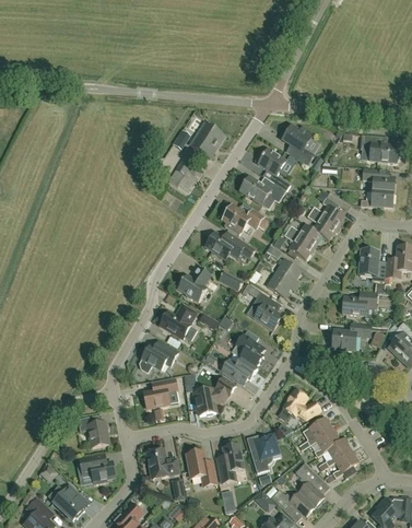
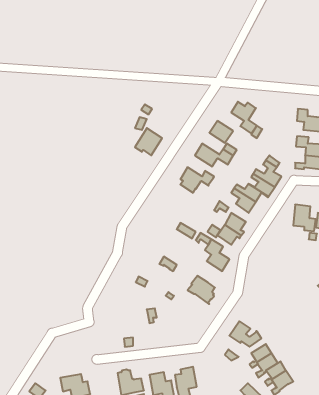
building: [190,121,224,157] -> none
building: [205,231,255,259] -> none
building: [177,267,210,302] -> none
building: [342,291,377,316] -> none
building: [161,304,197,340] -> none
building: [332,324,370,350] -> none
building: [140,340,178,372] -> none
building: [222,356,257,384] -> none
building: [193,376,236,415] -> none
building: [143,378,177,408] -> none
building: [78,415,108,447] -> none
building: [249,433,279,472] -> none

